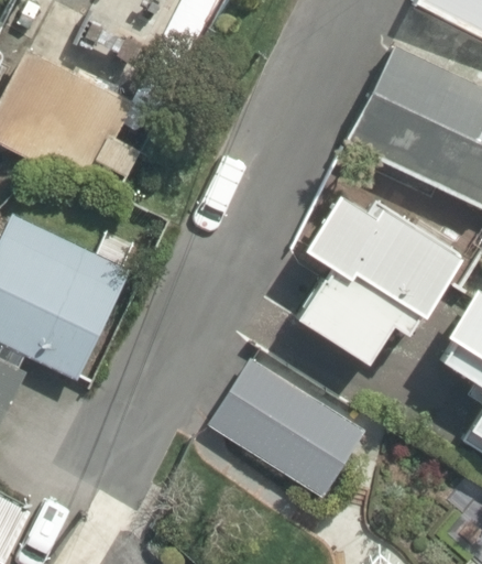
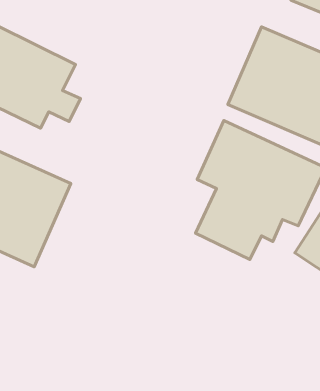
building: [201,352,379,503] -> none

